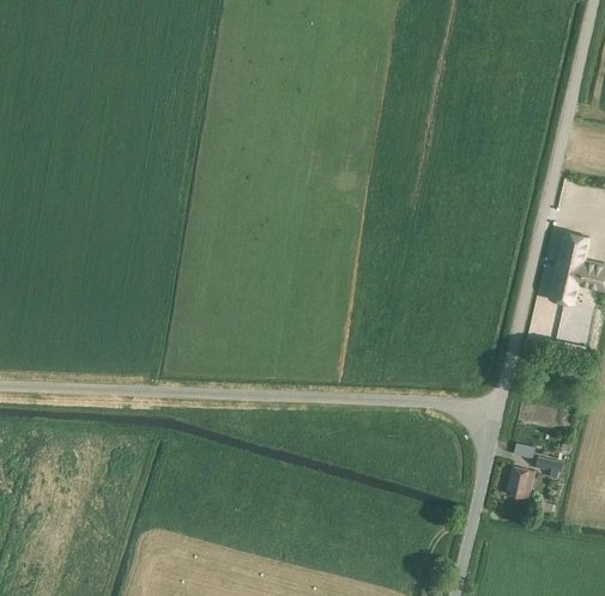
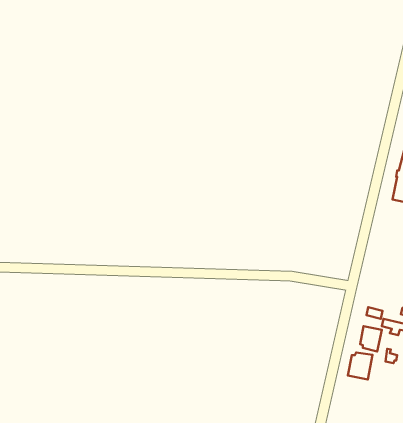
building: none -> [348,352,372,380]

